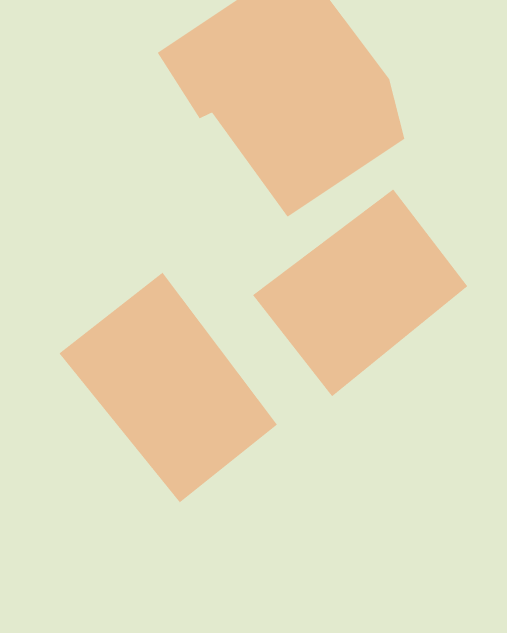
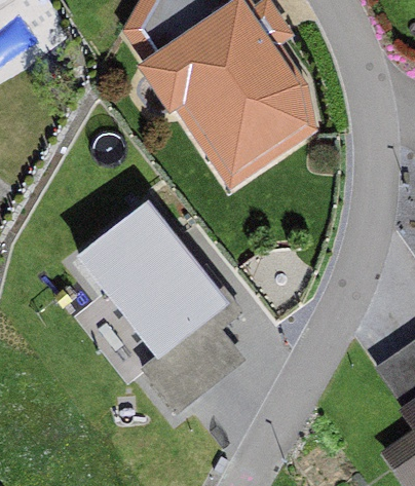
building: [252,188,468,397] -> none

